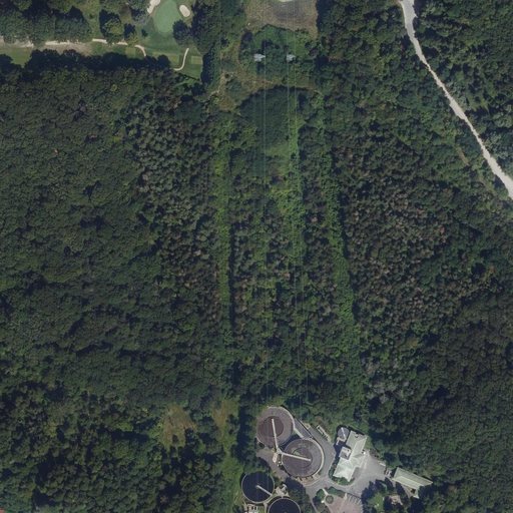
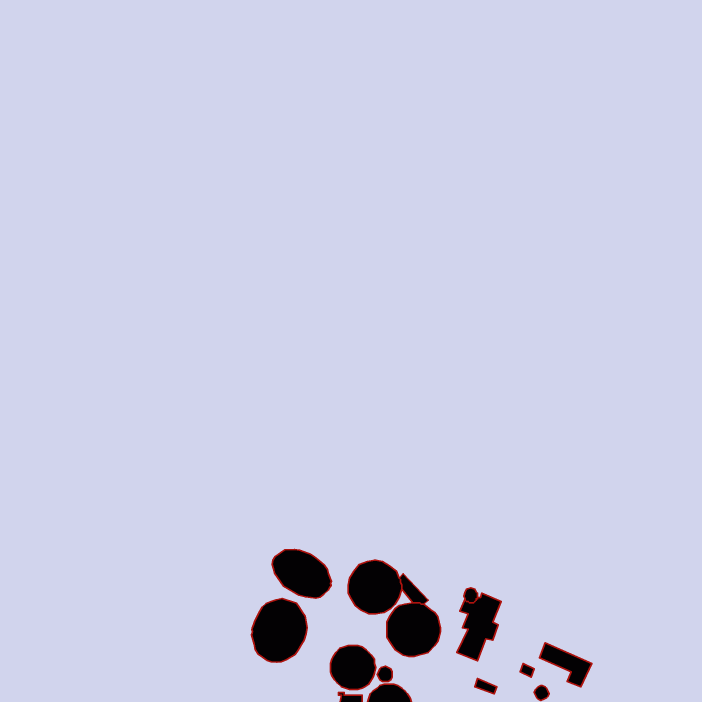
building: none -> [272,550,331,598]
building: none -> [252,598,307,662]

